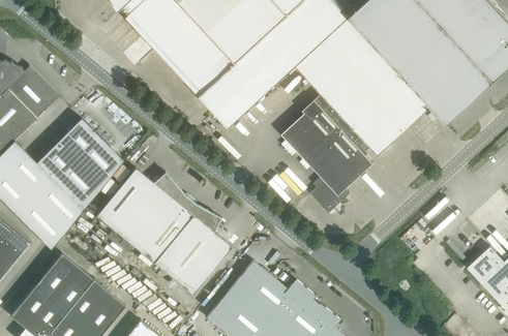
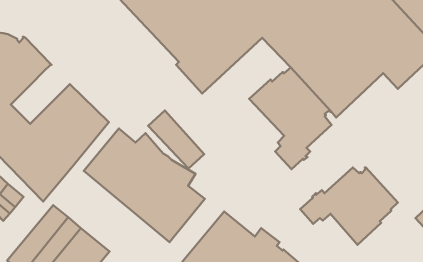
building: none -> [148,110,204,169]
building: none -> [300,167,398,245]

